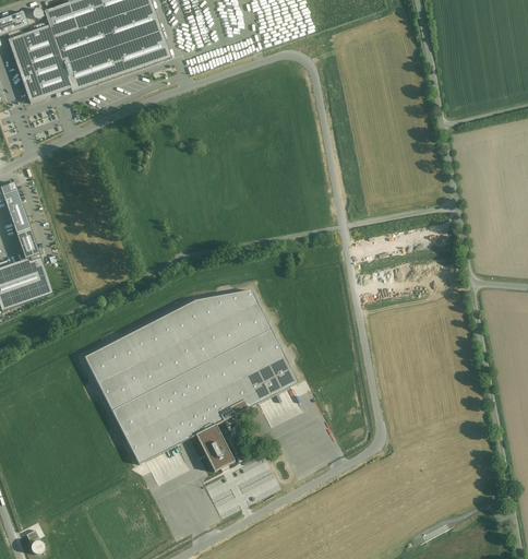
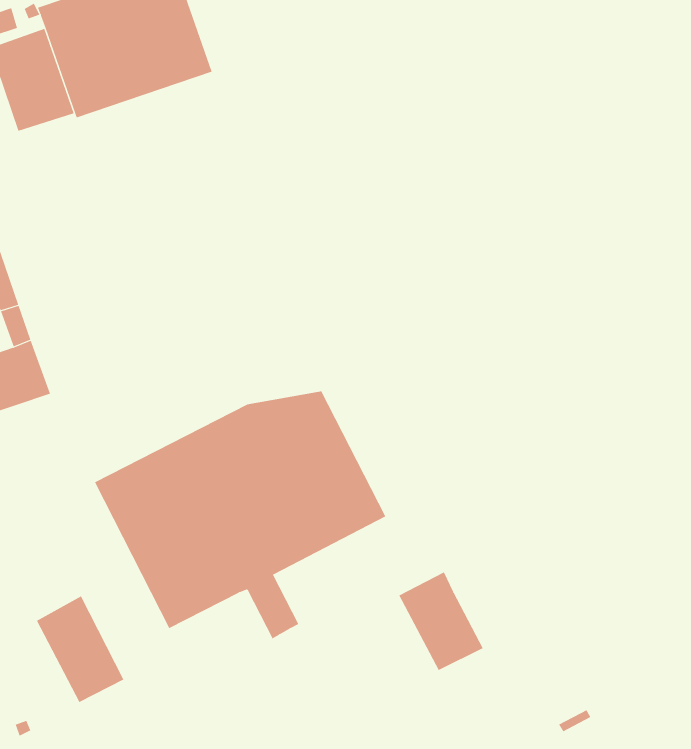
building: none -> [399,572,483,671]
building: none -> [36,595,124,703]

